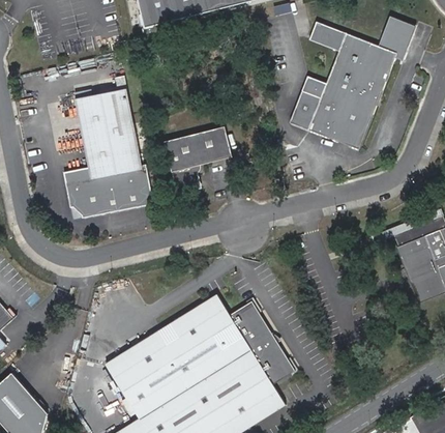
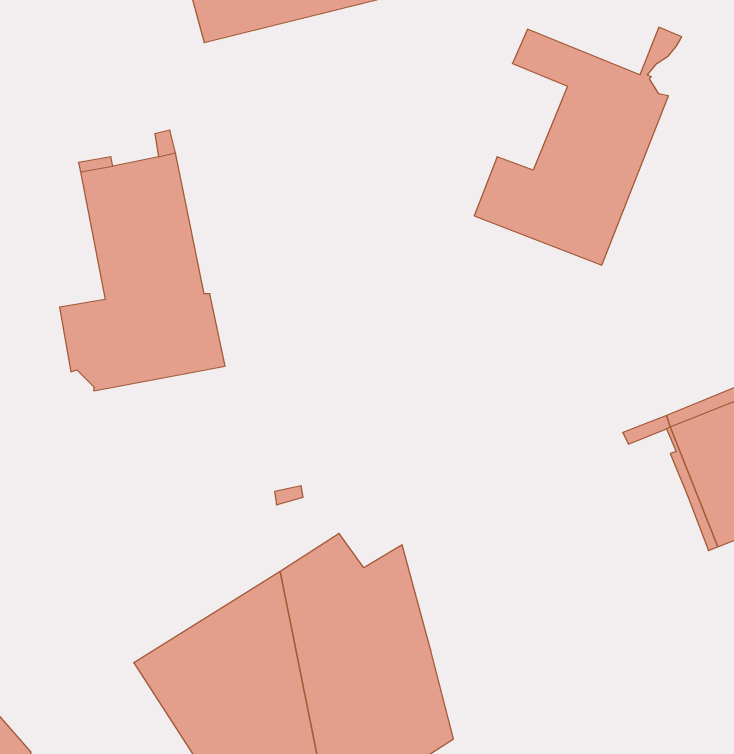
building: [383,17,417,61] -> none
building: [160,125,229,194] -> none
building: [249,300,295,407] -> none

